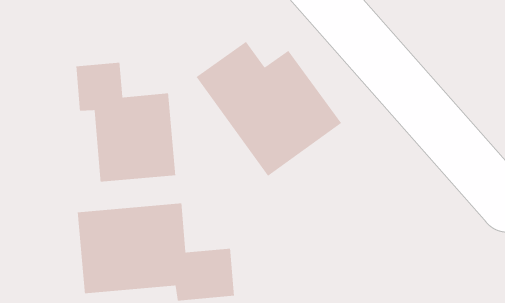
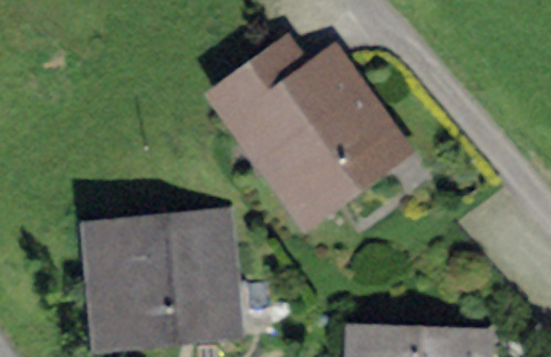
building: [75,62,176,183] -> none

